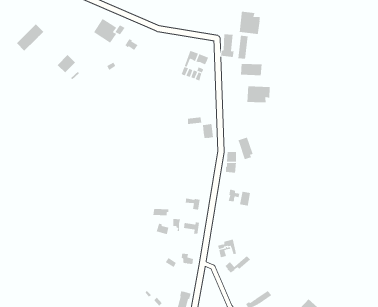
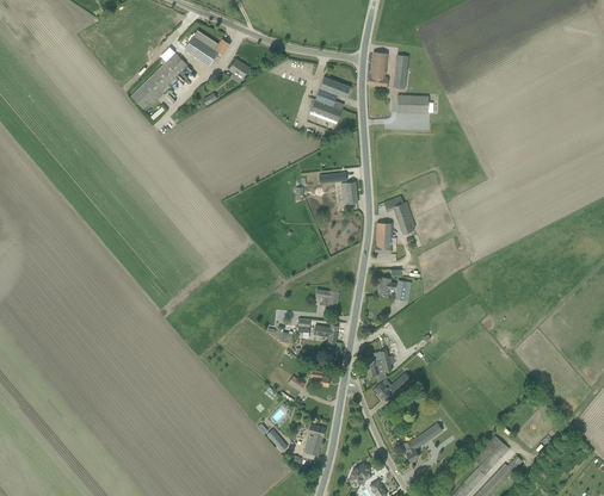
building: [239,11,260,35] -> none
building: [16,24,44,52] -> [147,54,187,94]
building: [247,85,270,103] -> none

